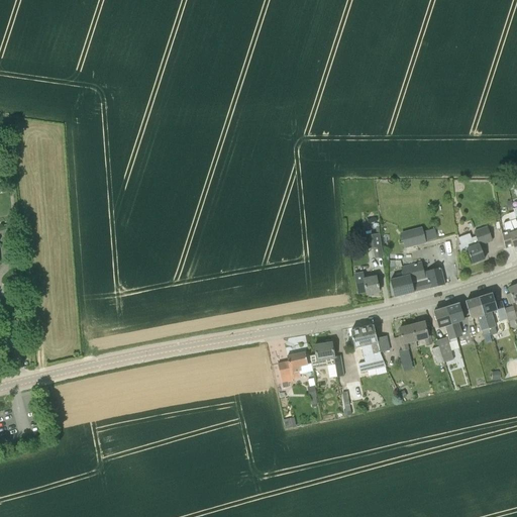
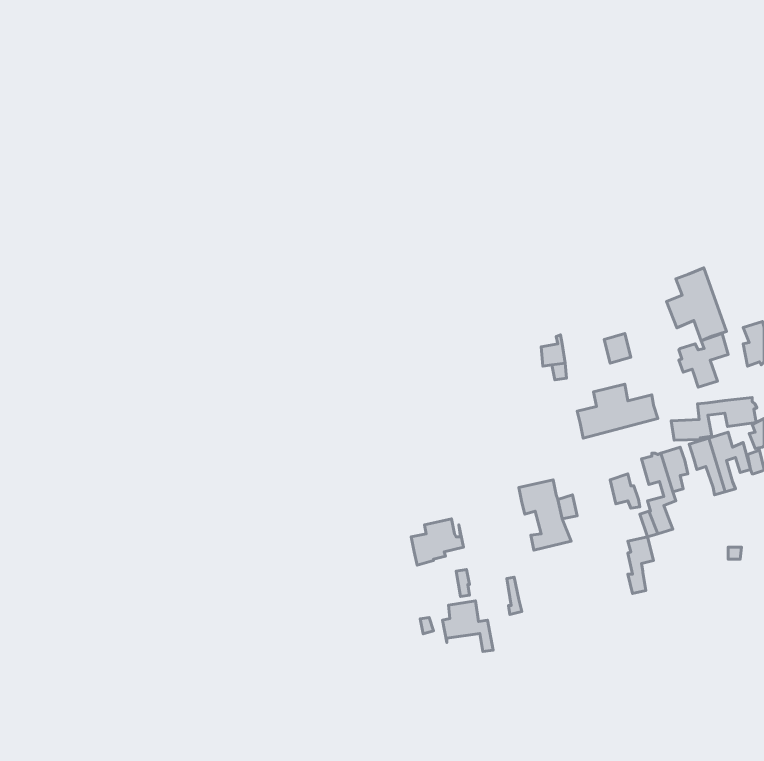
building: none -> [667,268,727,341]
building: none -> [671,398,757,440]
building: [354,271,379,293] -> none
building: [399,324,416,363] -> [628,537,653,594]
building: [310,341,344,376] -> [442,601,493,652]

